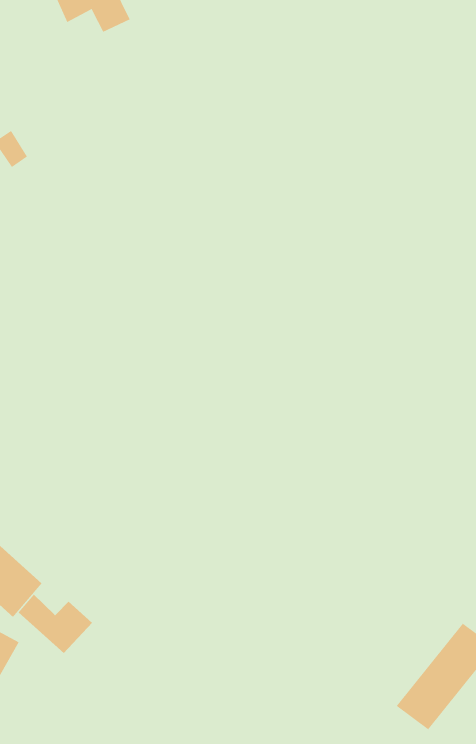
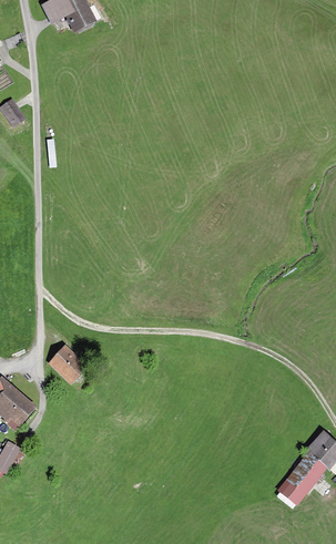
building: none -> [48,343,88,384]
building: [18,594,93,654] -> none

